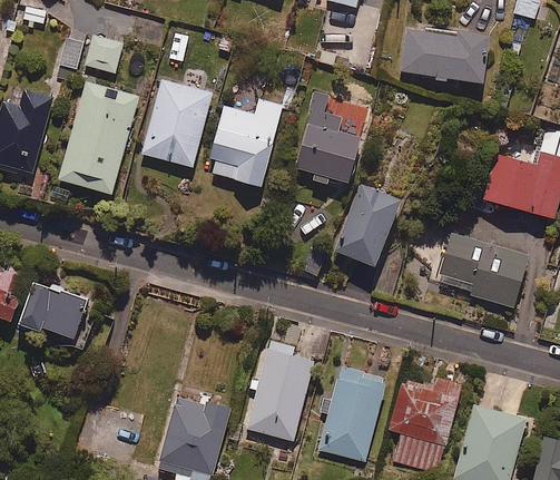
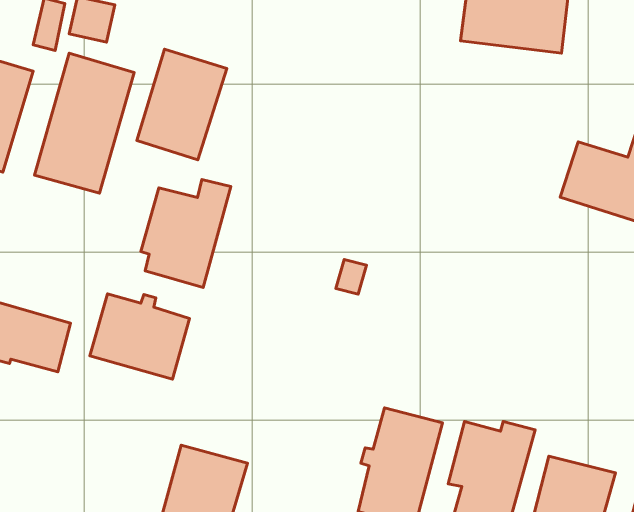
building: [293,90,358,183] -> none
building: [209,99,282,186] -> [141,180,231,288]
building: [334,184,400,266] -> none
building: [434,231,528,306] -> none
building: none -> [90,294,190,379]
building: [246,340,314,440] -> none

